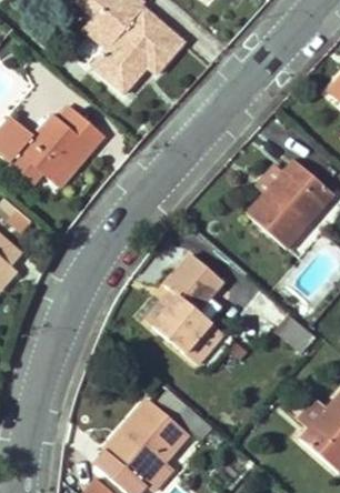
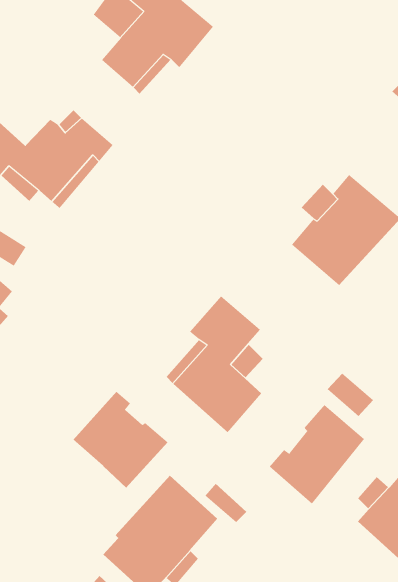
building: none -> [73,391,169,488]
building: none -> [269,404,365,505]

